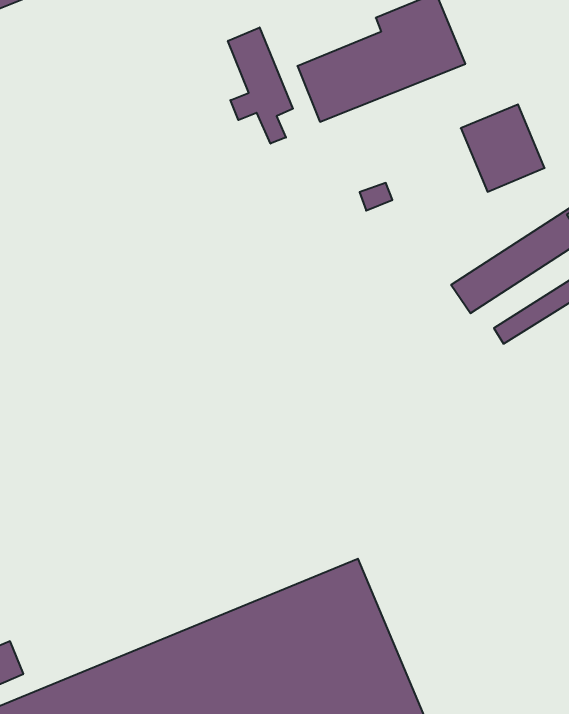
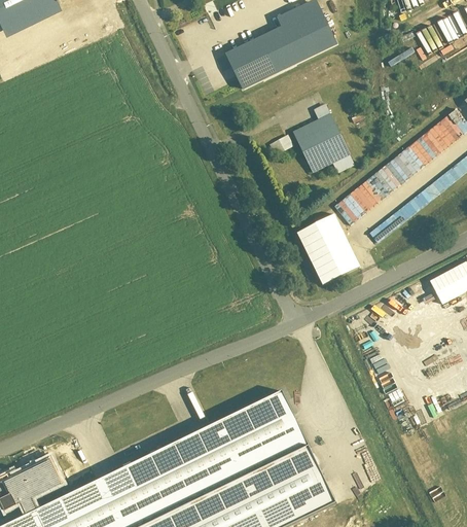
building: [228,27,293,144] -> none
building: [461,104,545,192] -> [291,115,350,176]
building: none -> [294,213,360,282]

